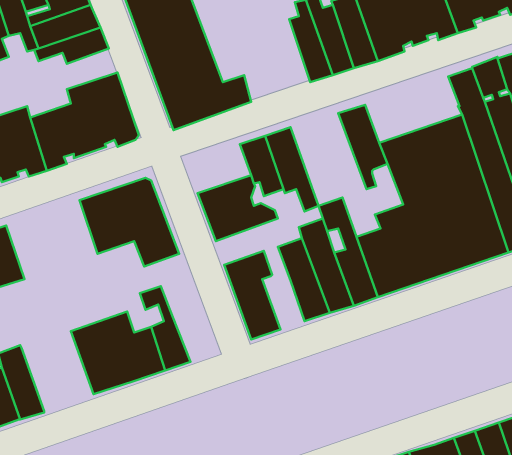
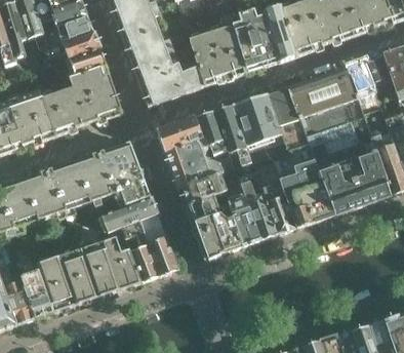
building: none -> [190,24,247,85]
building: none -> [59,46,107,77]
building: none -> [287,66,358,115]
building: none -> [233,93,288,161]
building: none -> [157,116,204,152]
building: none -> [26,157,92,214]
building: none -> [178,166,241,204]
building: none -> [105,196,158,230]
building: none -> [212,212,243,251]
building: none -> [147,234,178,275]
building: none -> [37,252,89,311]

